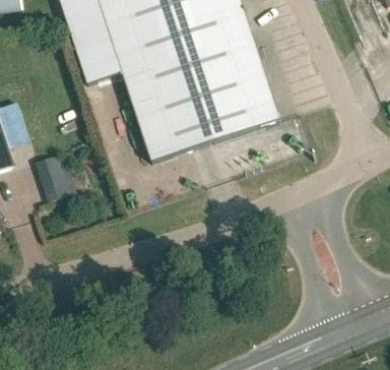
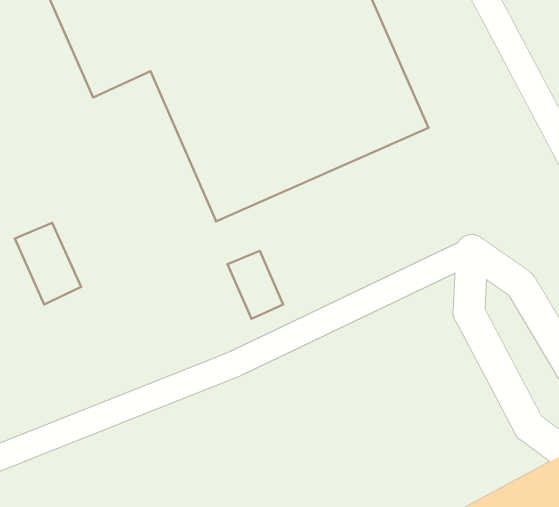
building: none -> [228,251,283,319]

